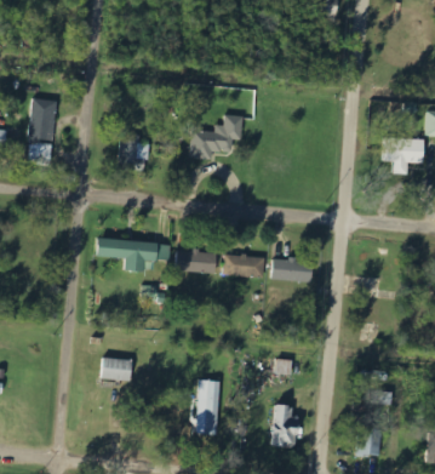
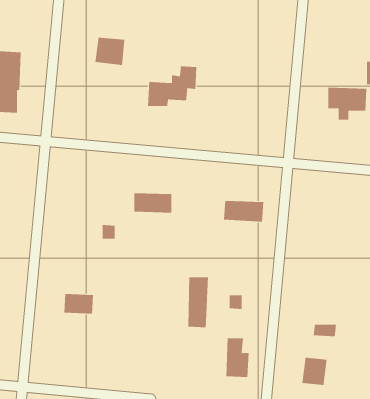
building: [115,139,148,170] -> [94,37,125,66]
building: [97,238,159,270] -> none
building: [222,253,264,276] -> none
building: [196,379,219,434] -> [187,277,209,328]

